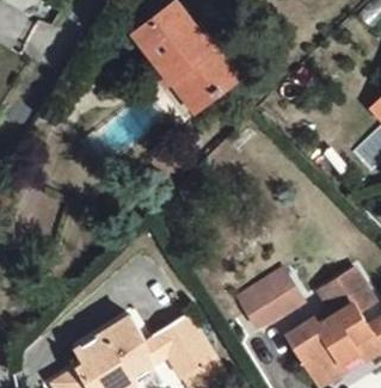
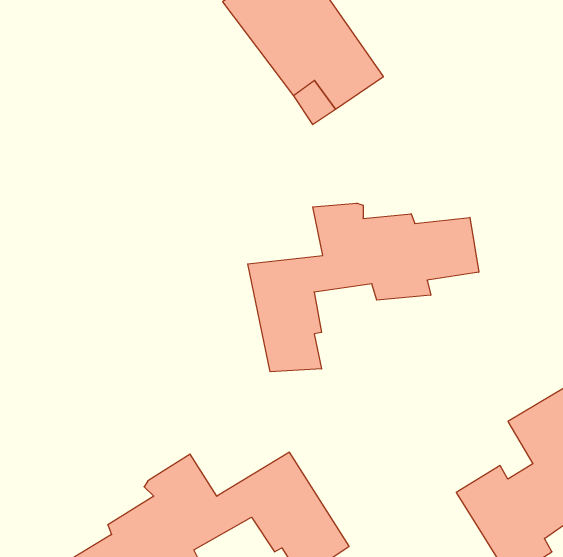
building: none -> [248,203,479,372]
building: [238,269,305,326] -> none

